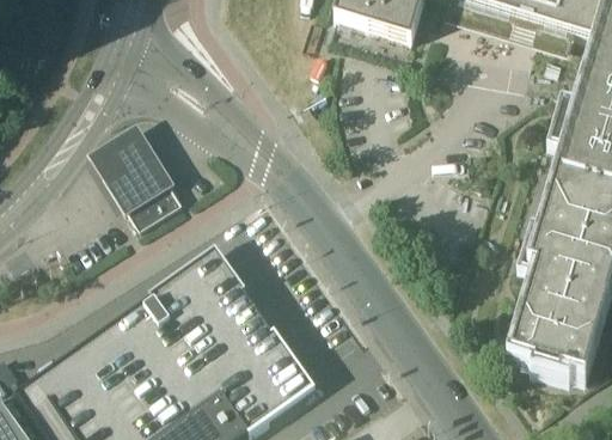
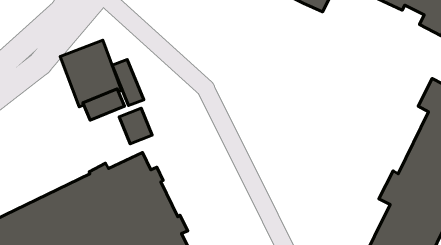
building: none -> [112,59,144,106]
building: none -> [119,108,152,144]

